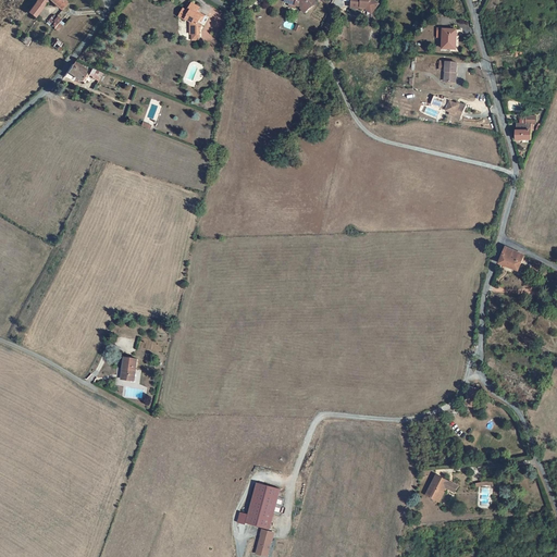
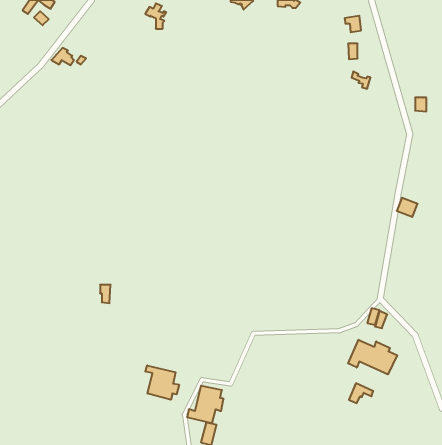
building: none -> [348,340,397,374]
building: none -> [145,365,179,400]

